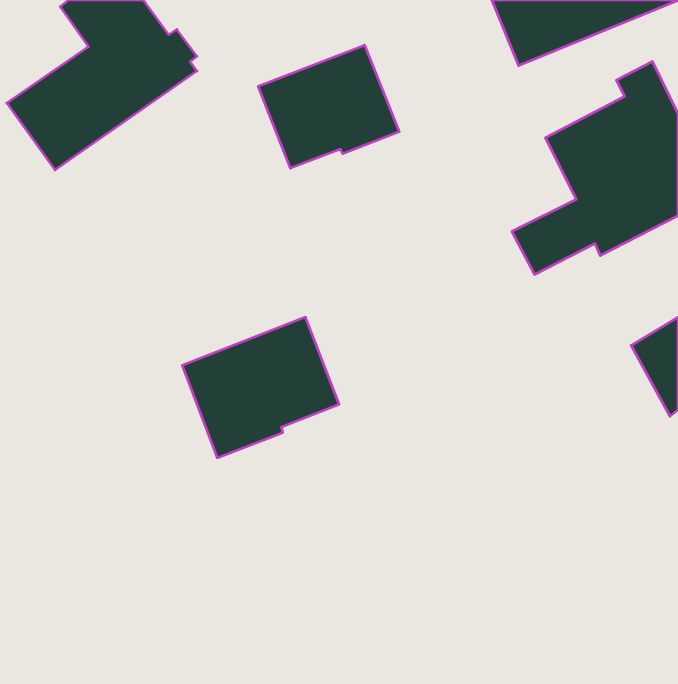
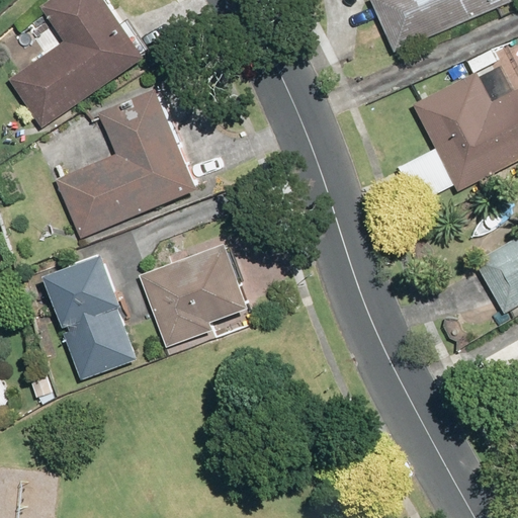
building: [258,45,399,168] -> none
building: none -> [56,86,205,238]
building: none -> [47,252,139,382]

